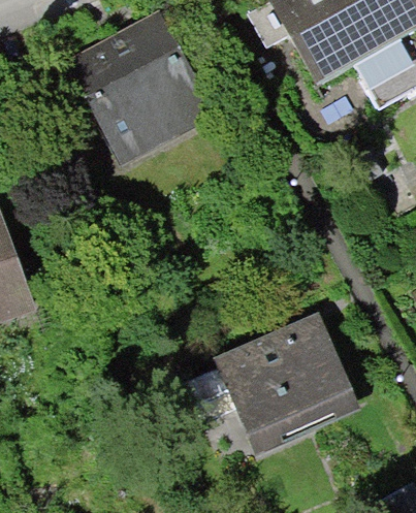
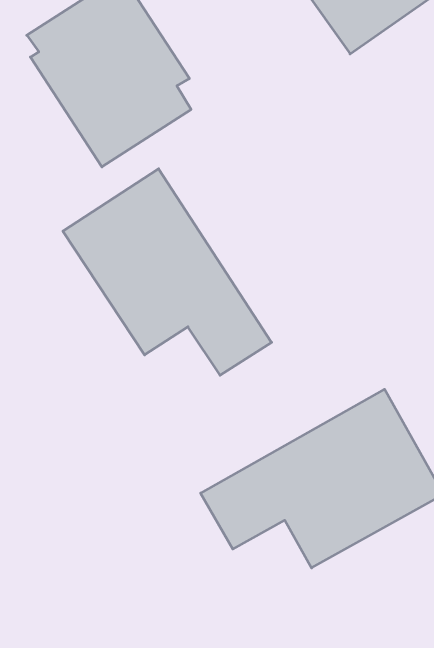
building: none -> [63,169,272,375]

